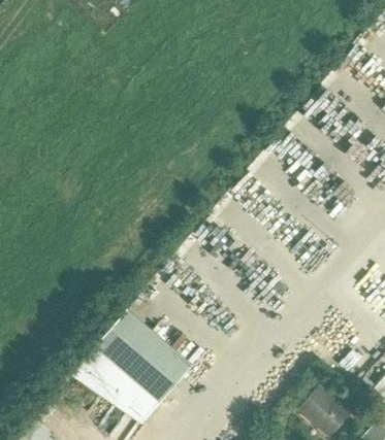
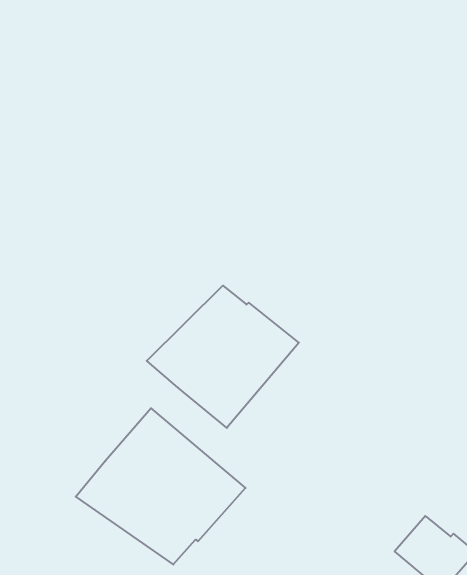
building: none -> [147,286,299,428]

